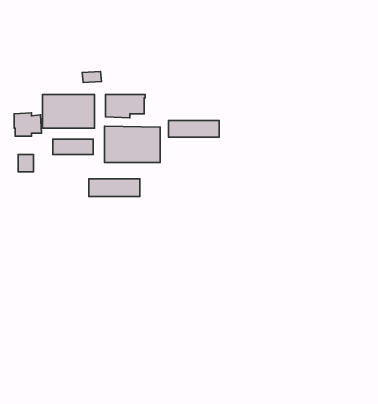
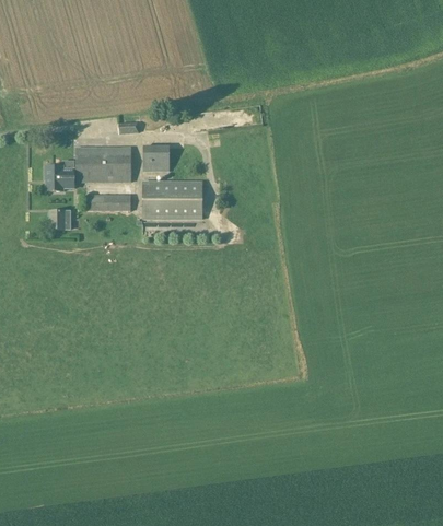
building: [168,121,219,137] -> none
building: [89,179,140,197] -> none

